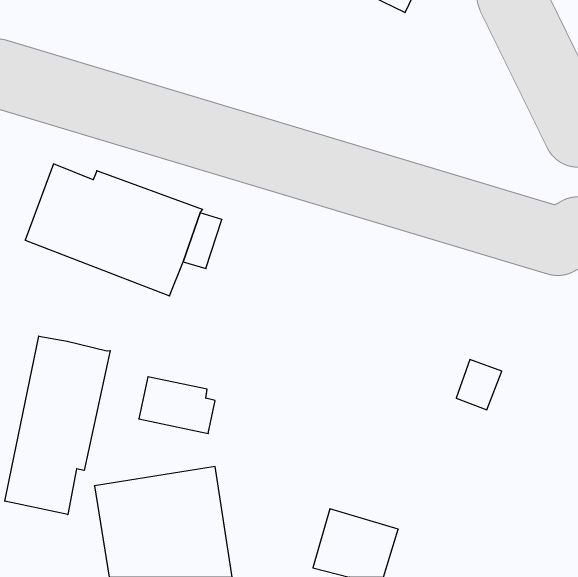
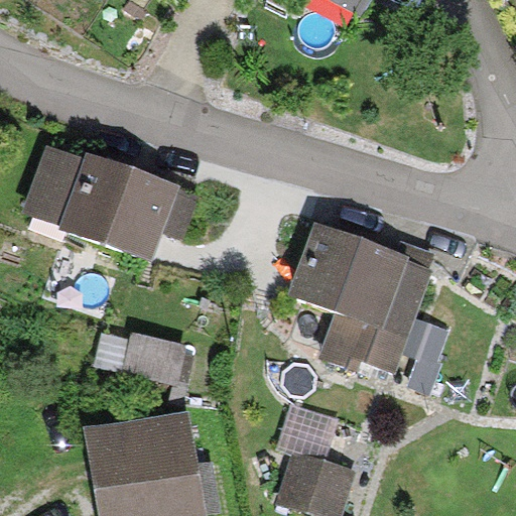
building: none -> [288,223,432,373]
building: [5,336,110,515] -> none

